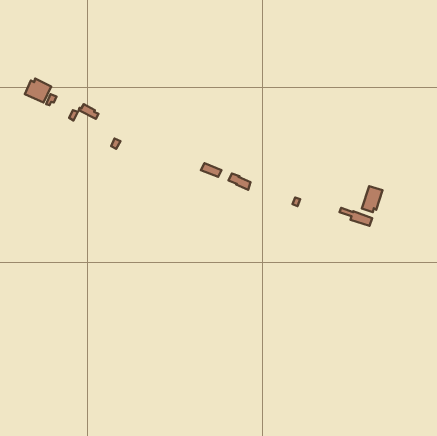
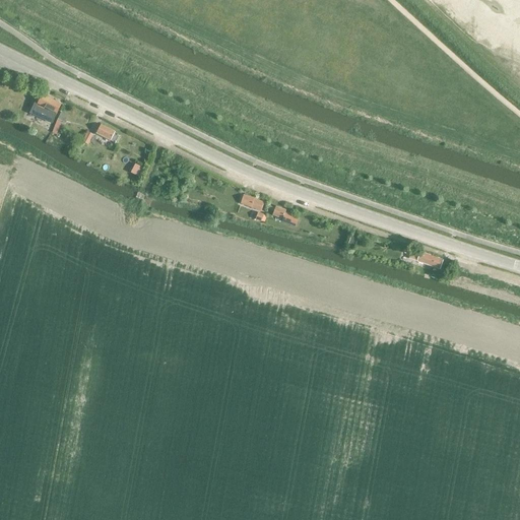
building: [362,186,383,212] -> none

